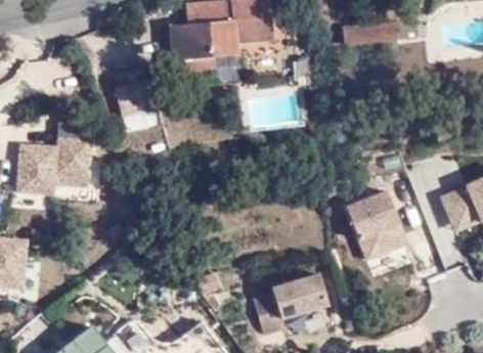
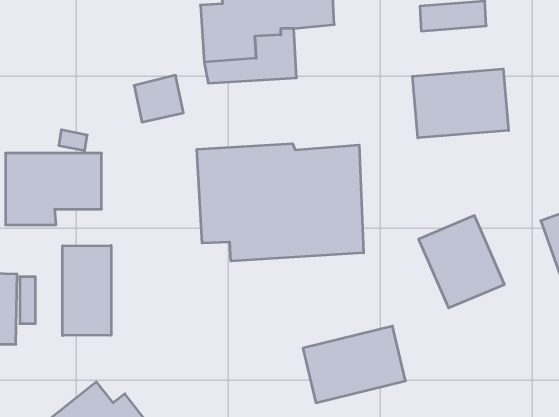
building: none -> [412,69,509,138]
building: none -> [197,144,364,261]
building: none -> [63,245,111,336]

